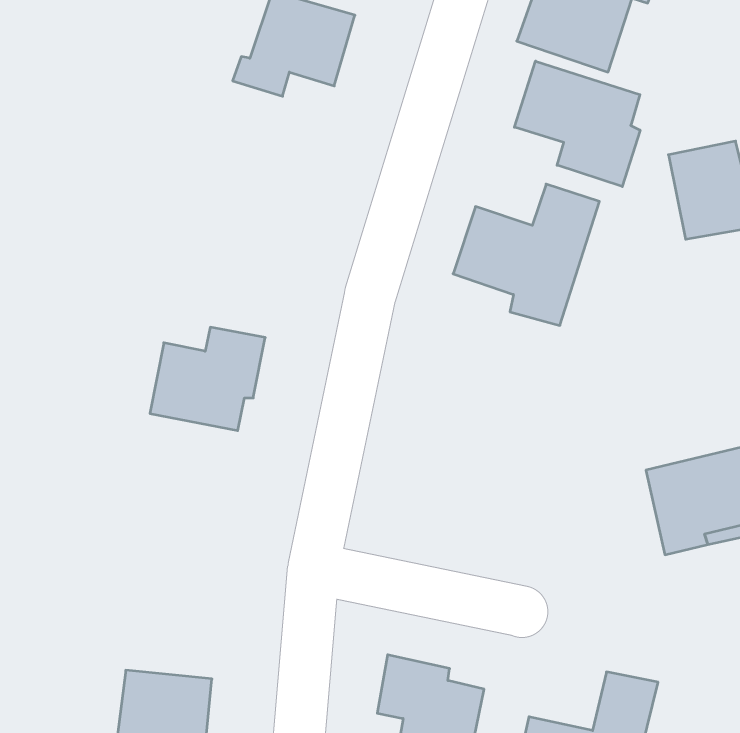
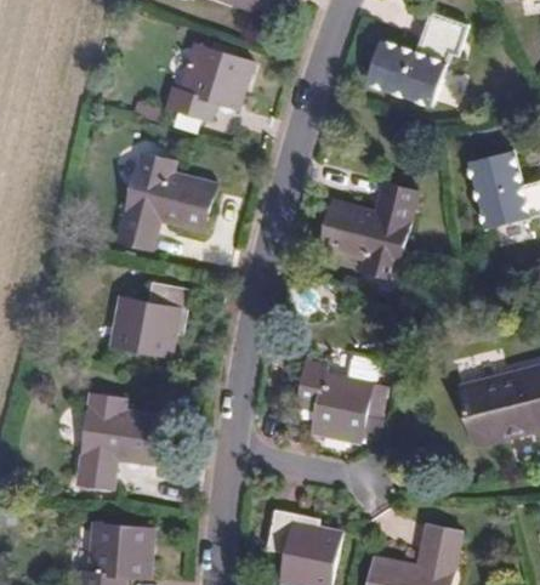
building: [514,61,640,187] -> none
building: none -> [115,153,215,250]
building: none -> [296,359,371,439]
building: none -> [72,392,165,489]

